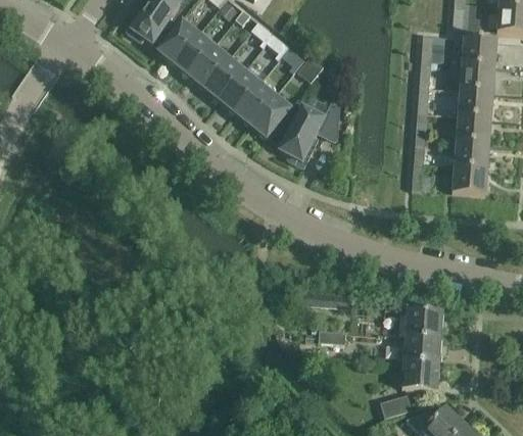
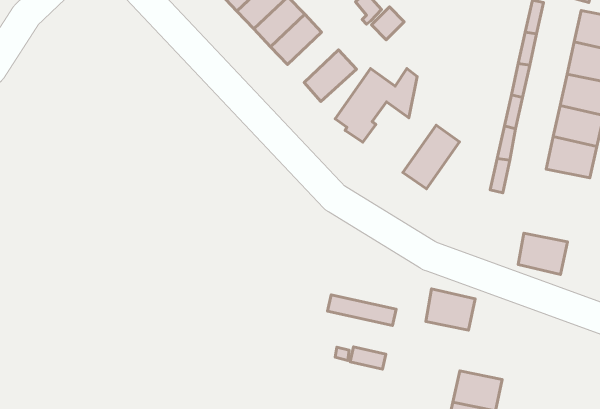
building: [236,83,275,125] -> none
building: none -> [403,125,460,189]
building: [451,166,488,195] -> [518,233,568,274]
building: [407,309,443,338] -> [426,289,475,330]

